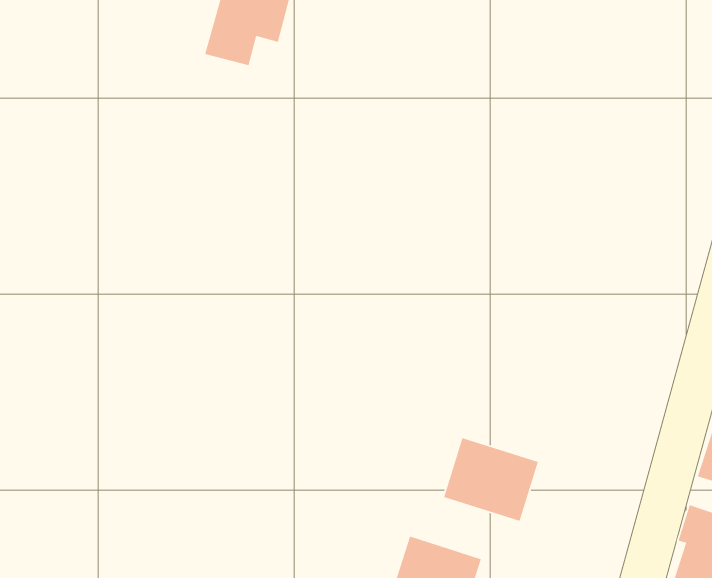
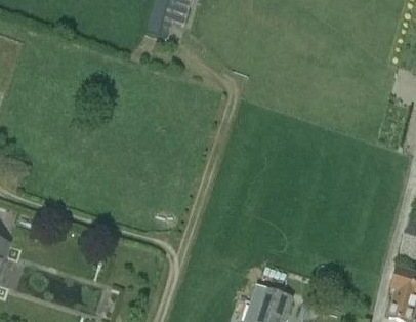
building: [443,437,539,522] -> none

